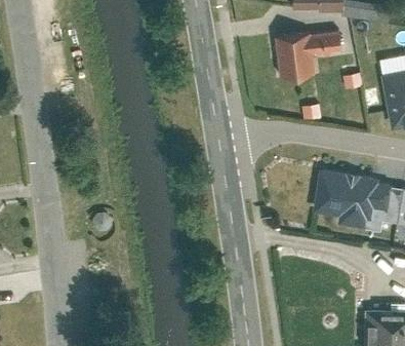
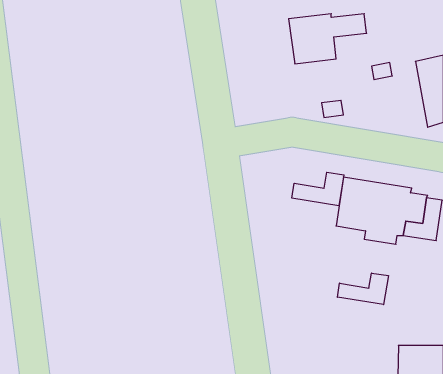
building: none -> [292,172,344,206]
building: none -> [337,273,388,305]

